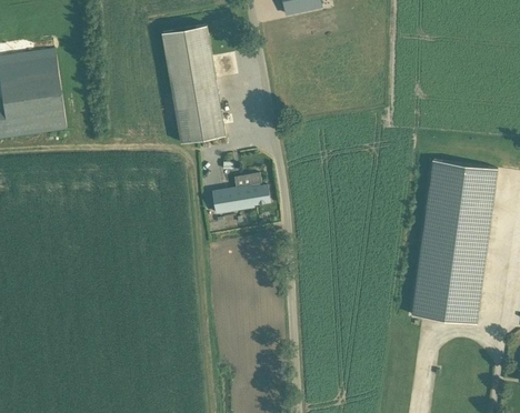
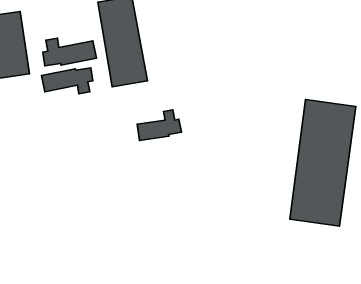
building: none -> [43,38,96,66]
building: none -> [41,68,93,94]

